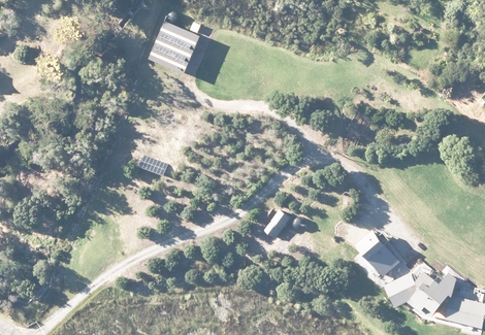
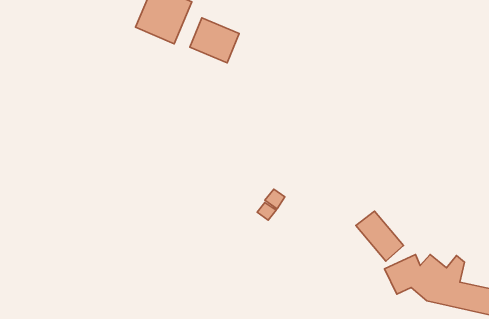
building: none -> [190,18,239,63]

